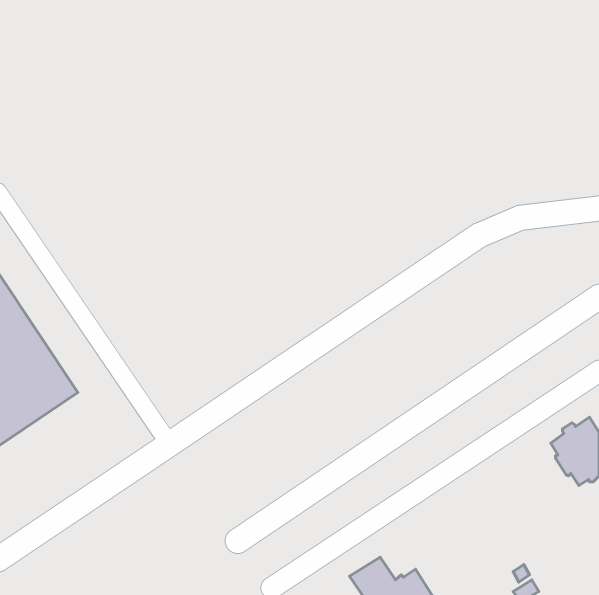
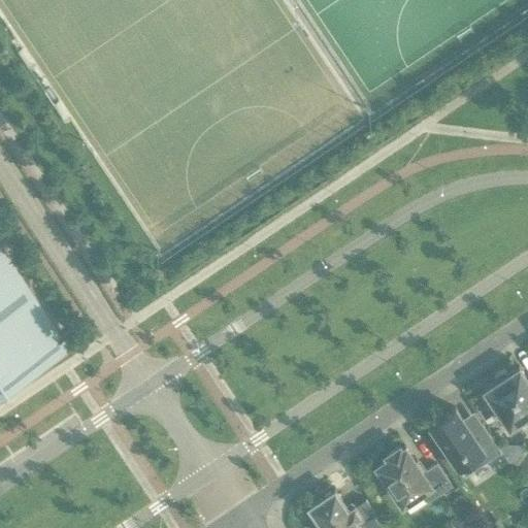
building: none -> [428,412,498,481]
building: none -> [374,451,449,507]

